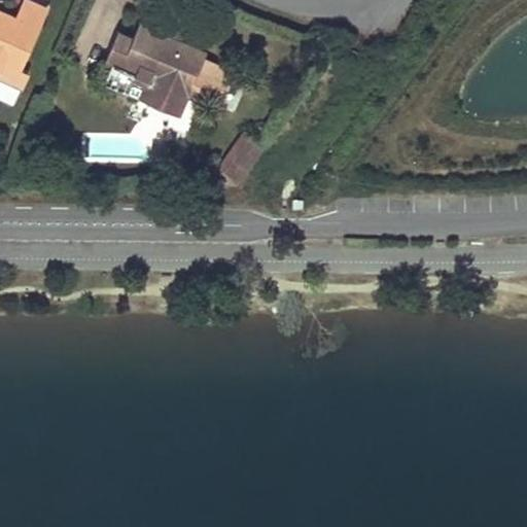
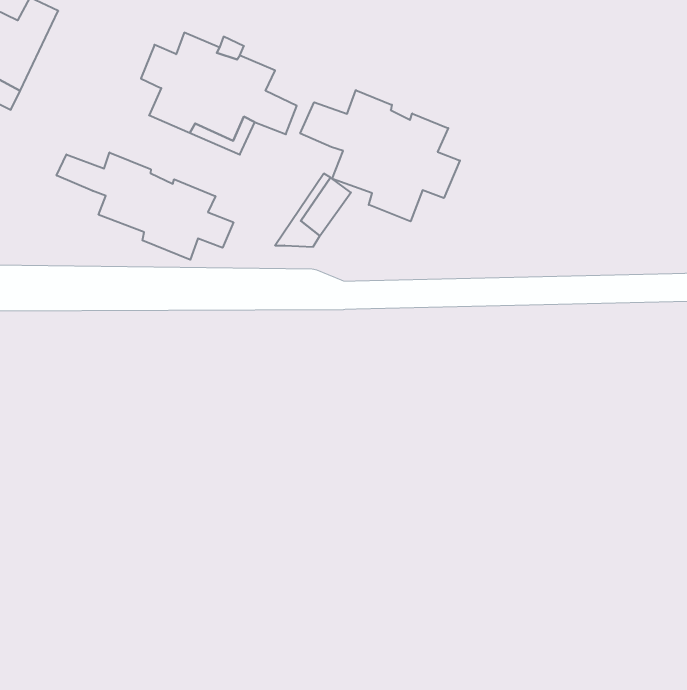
building: none -> [300,90,460,221]
building: none -> [57,152,233,260]

